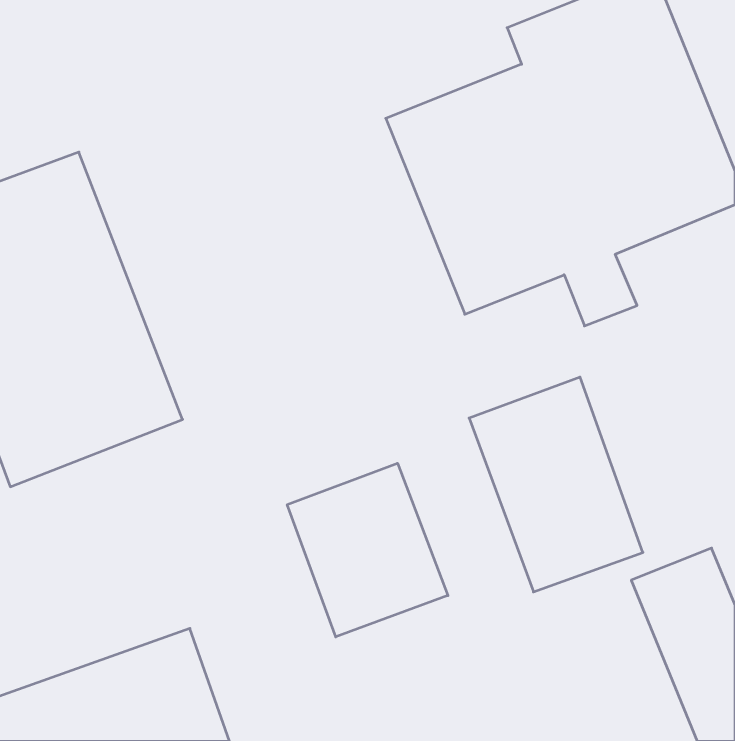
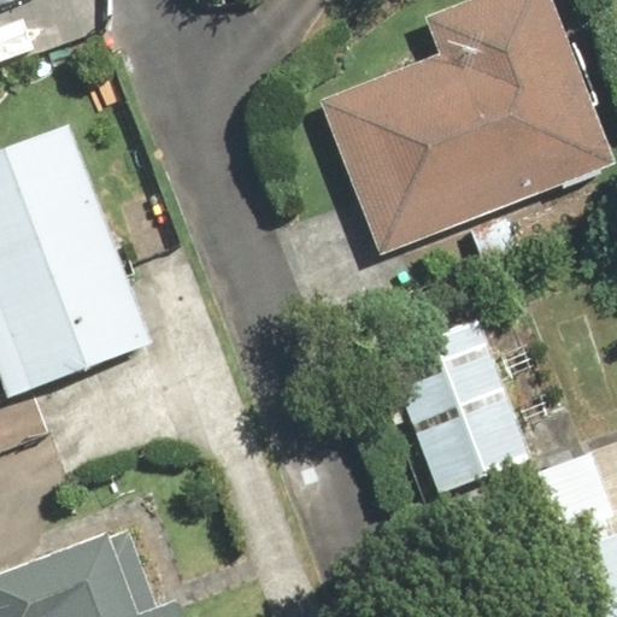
building: [287,463,448,637] -> none

